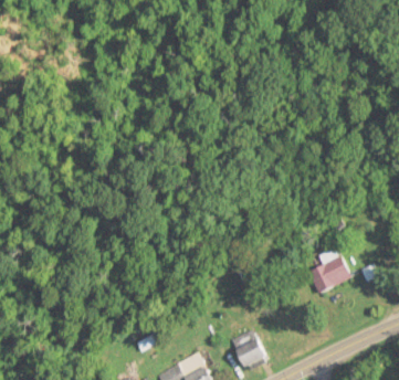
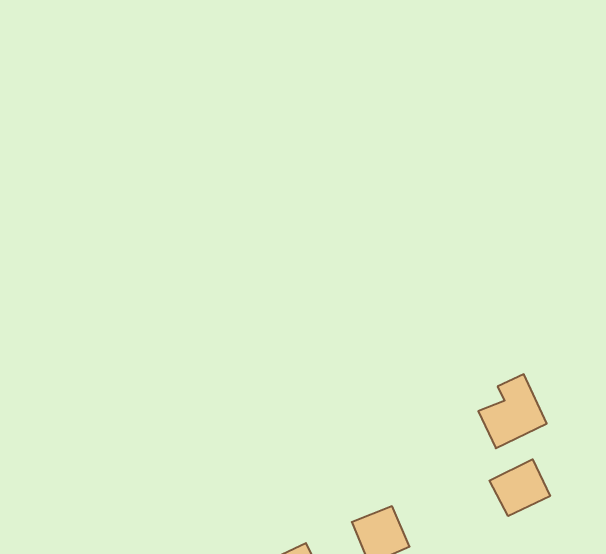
building: none -> [489,459,550,516]

